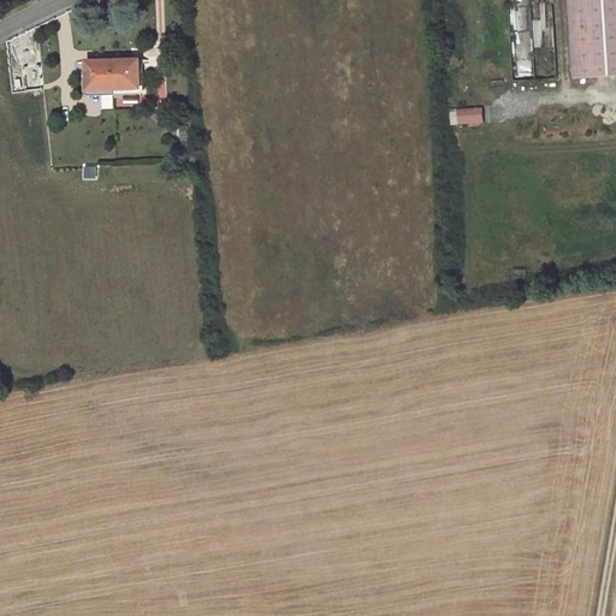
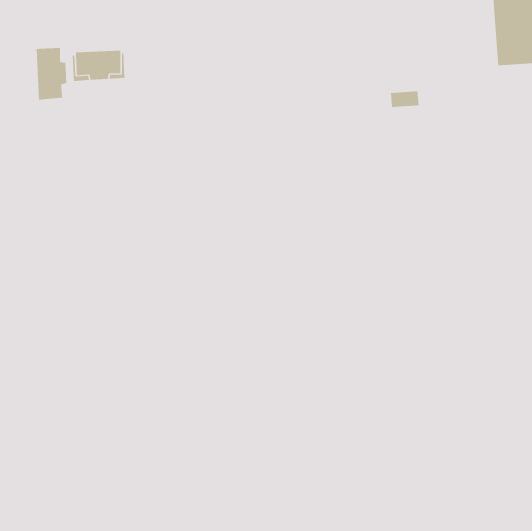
building: none -> [36,47,67,101]

